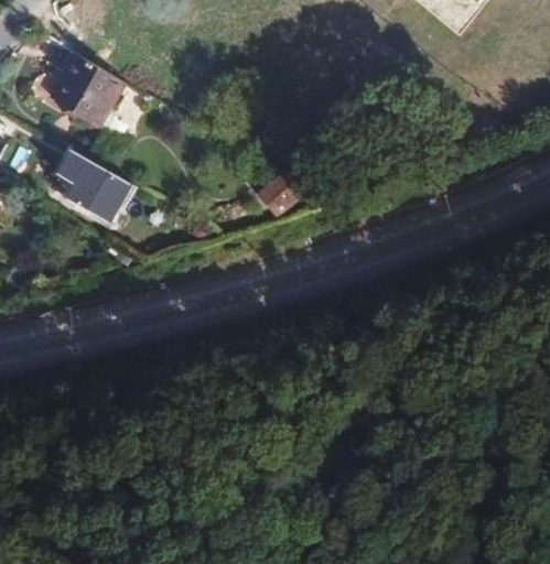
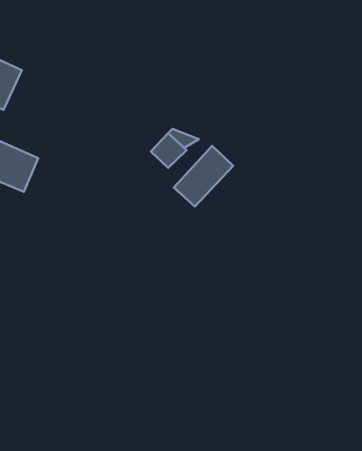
building: none -> [174,146,233,207]

